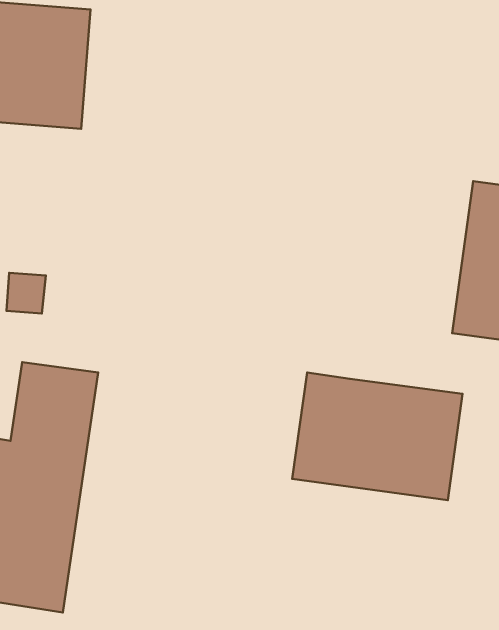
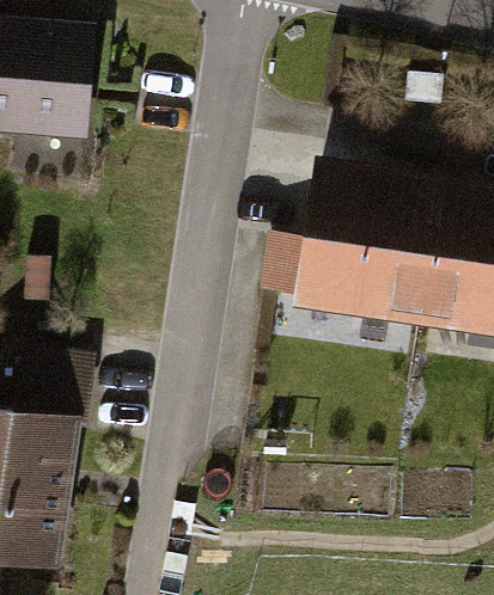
building: none -> [293,167,433,323]
building: [292,372,463,500] -> none

